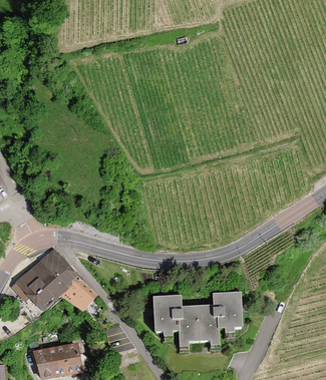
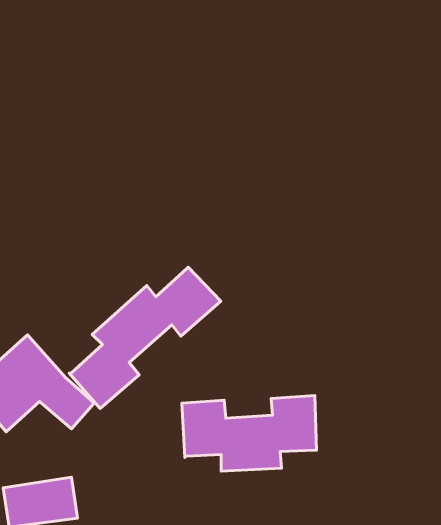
building: none -> [69,267,221,408]

